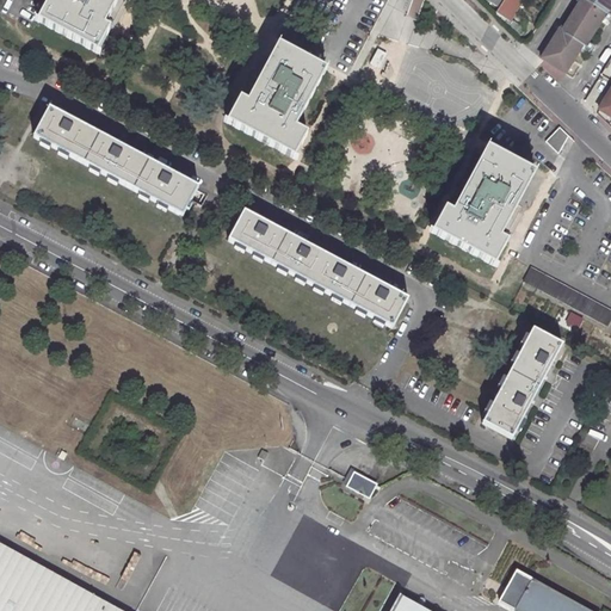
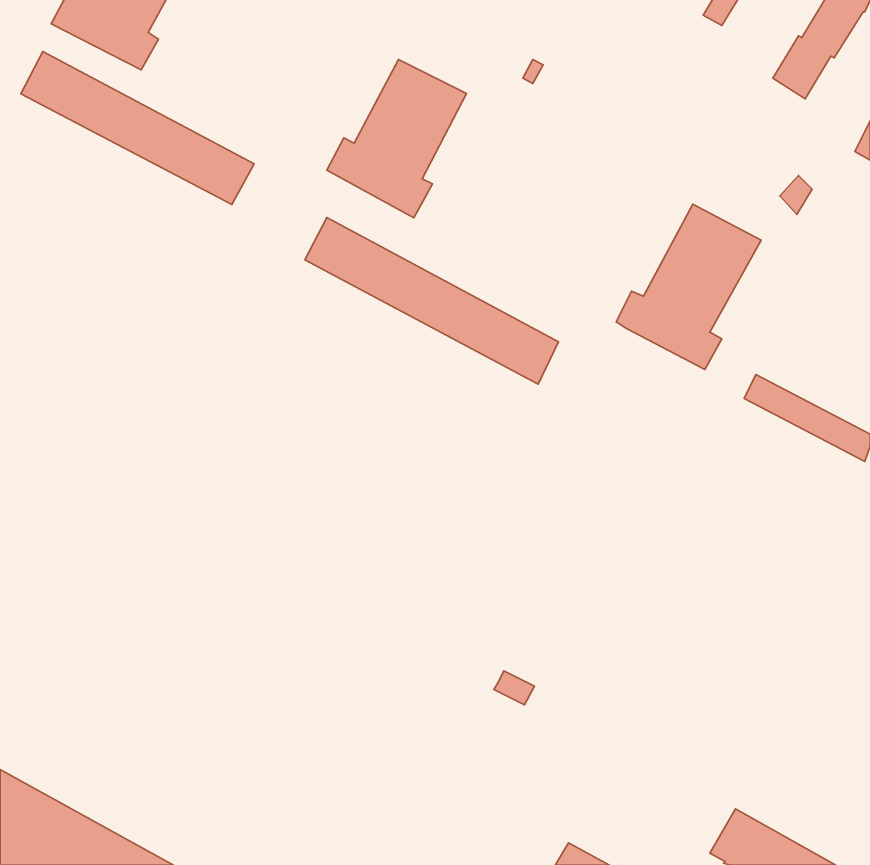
building: [33,104,197,211] -> [21,51,254,205]
building: [229,208,407,325] -> [305,217,558,384]
building: [483,326,561,436] -> none

